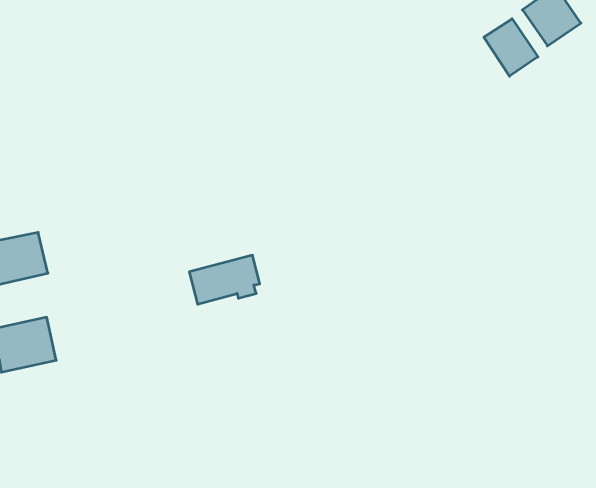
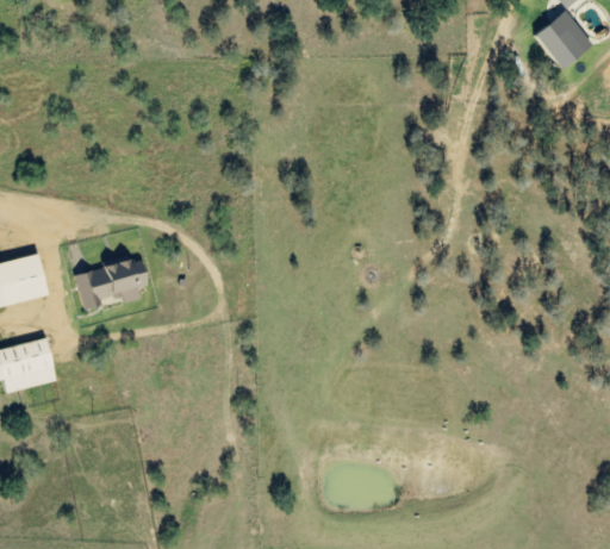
building: [484,19,538,76] -> none
building: [189,255,260,304] -> [76,258,147,307]

